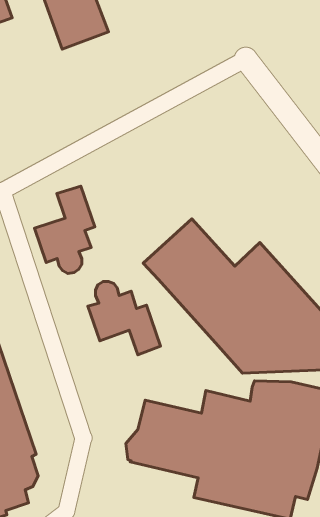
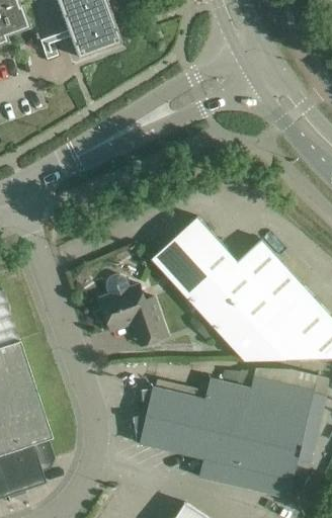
building: [34,186,95,273] -> none

